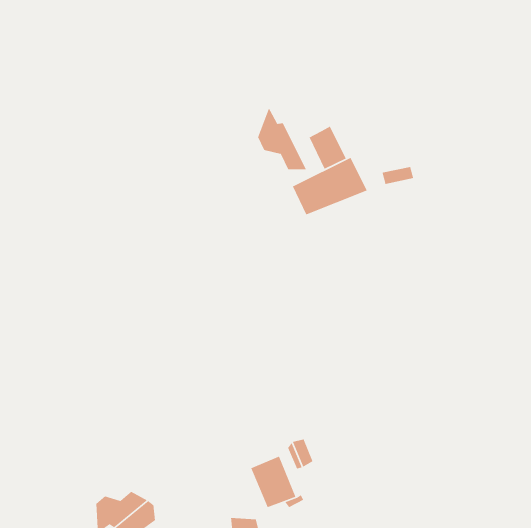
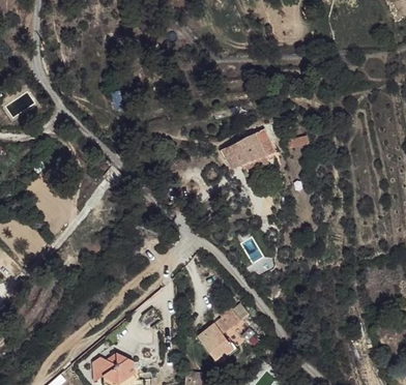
building: [257,107,307,170] -> none
building: [309,126,347,170] -> none

